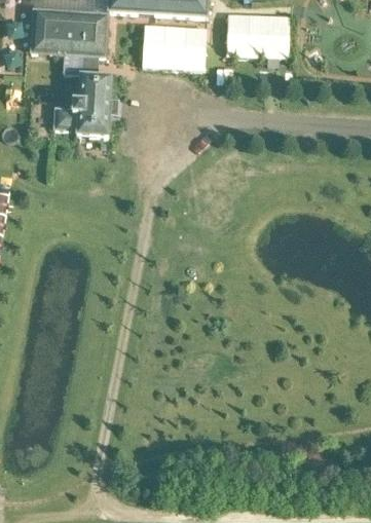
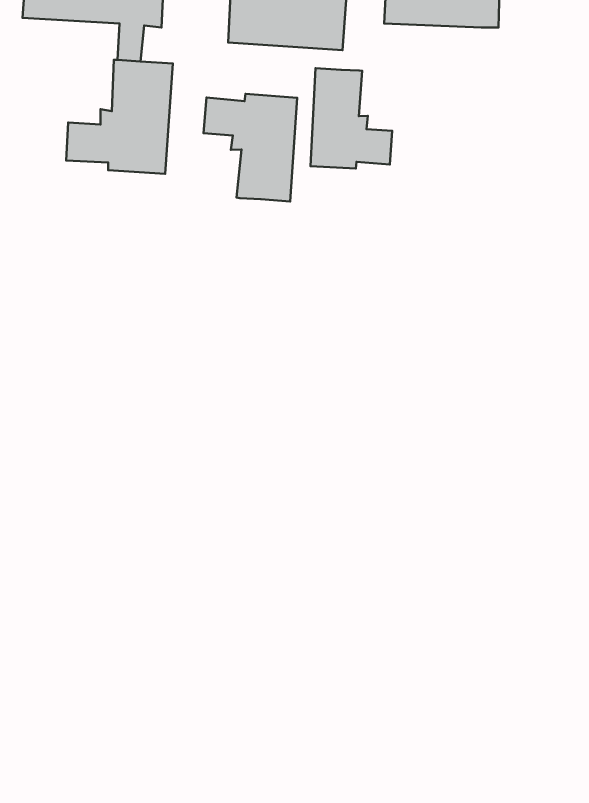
building: none -> [311,68,392,169]
building: none -> [203,94,297,201]

